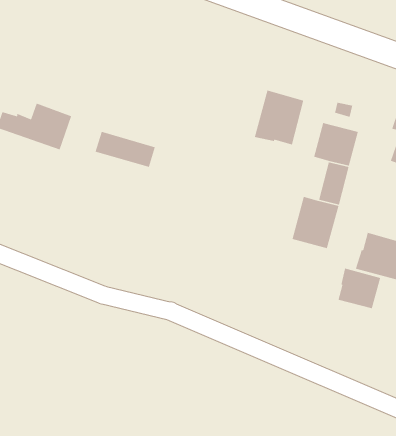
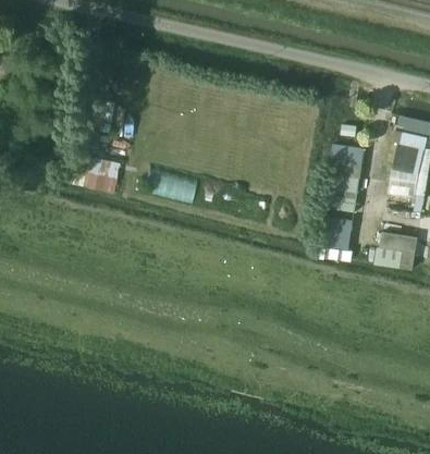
building: [254,90,304,145] -> none
building: [338,267,381,309] -> none

